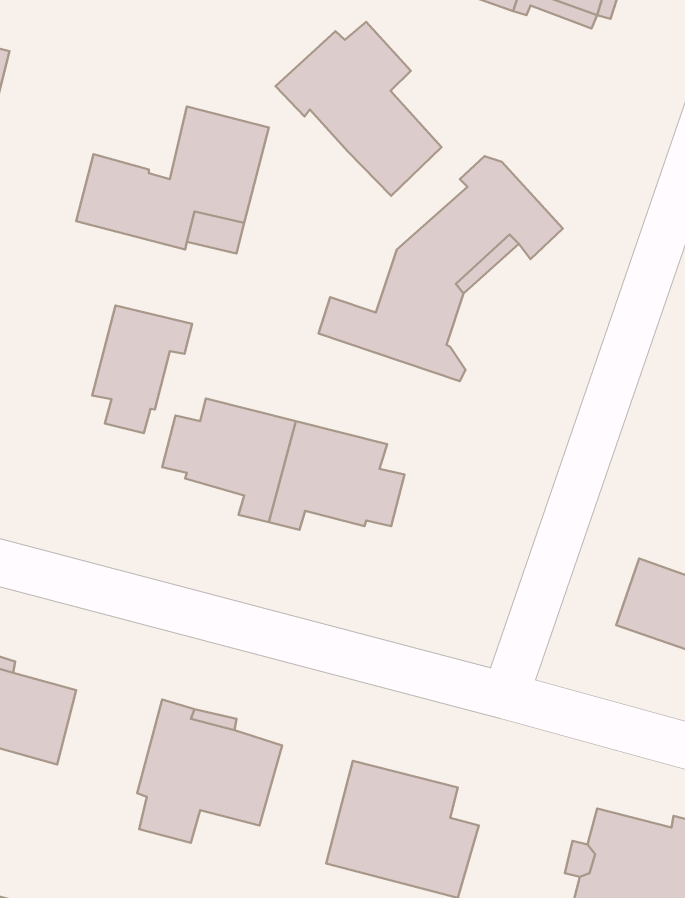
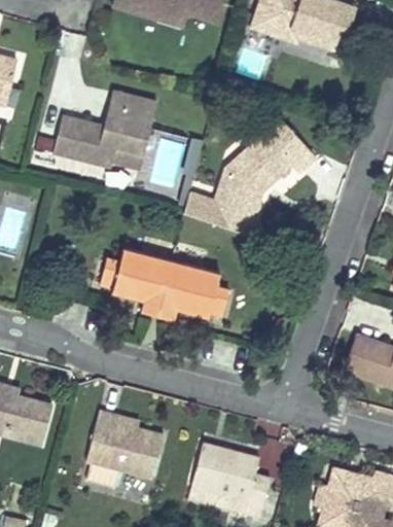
building: [275,22,442,196] -> none
building: [92,305,192,433] -> none

